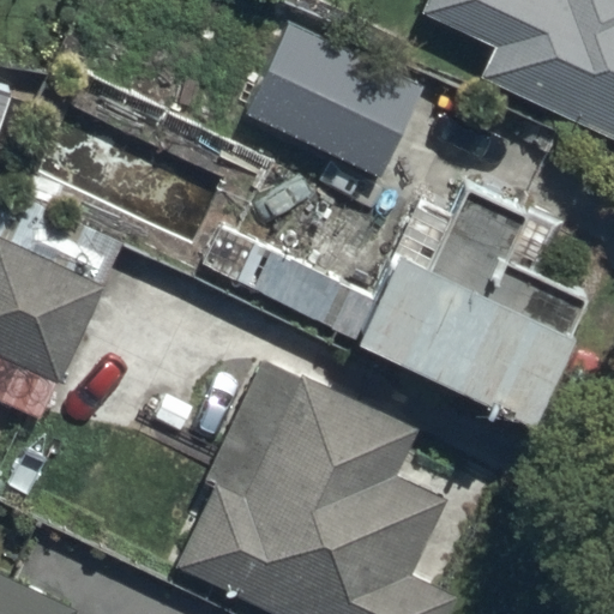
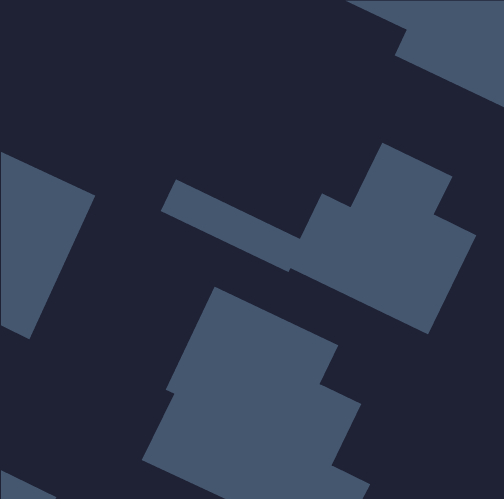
building: [247,32,425,188] -> none

